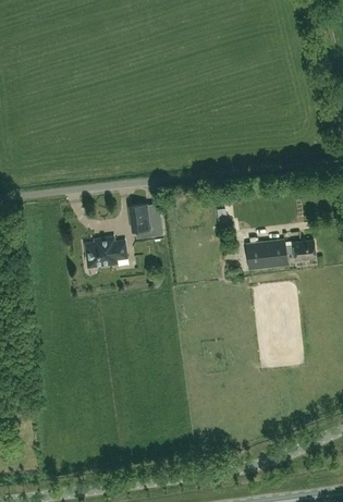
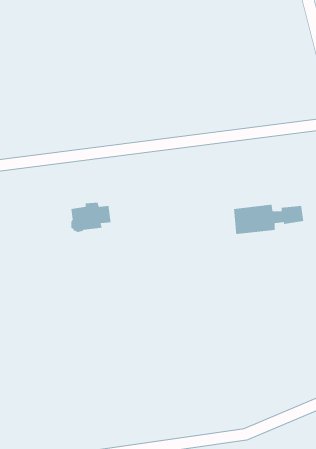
building: [132,203,164,238] -> none

